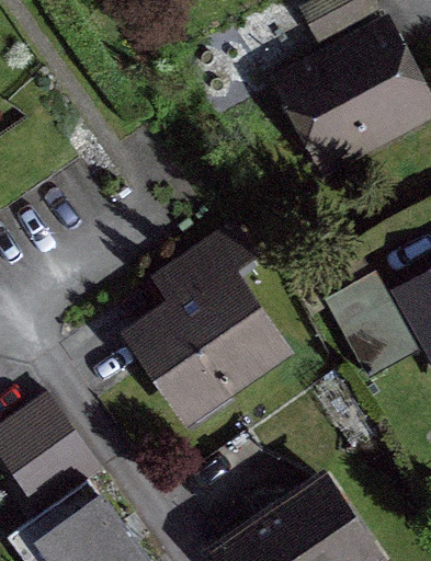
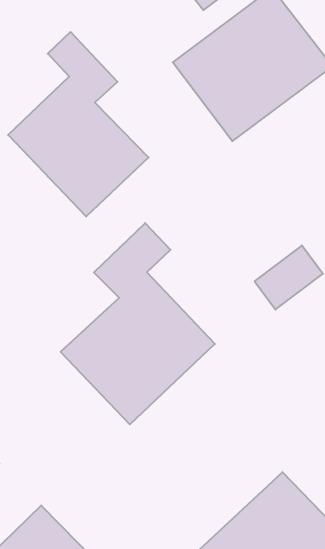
building: none -> [8,32,149,217]

